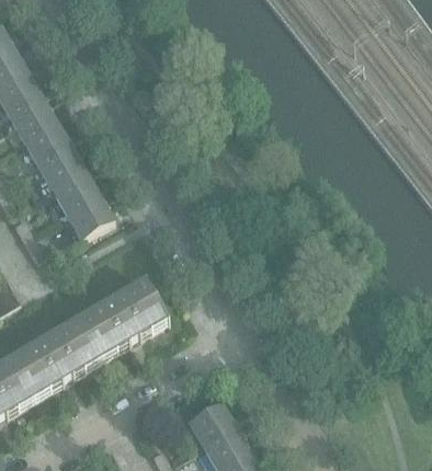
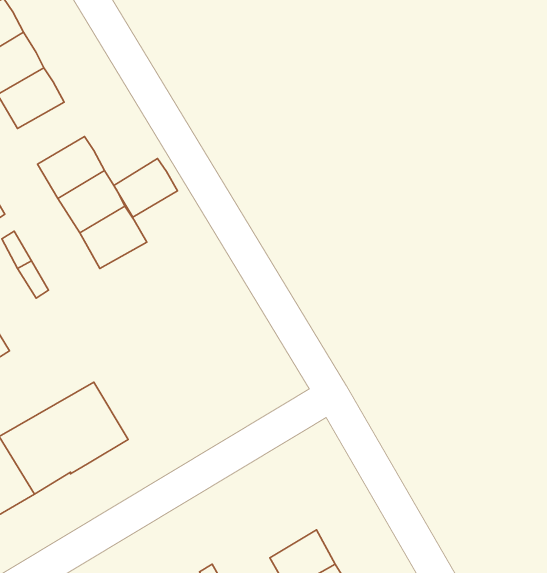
building: [22,118,69,162] -> none
building: none -> [114,158,178,217]
building: [76,277,167,356] -> none
building: [186,398,232,439] -> none

